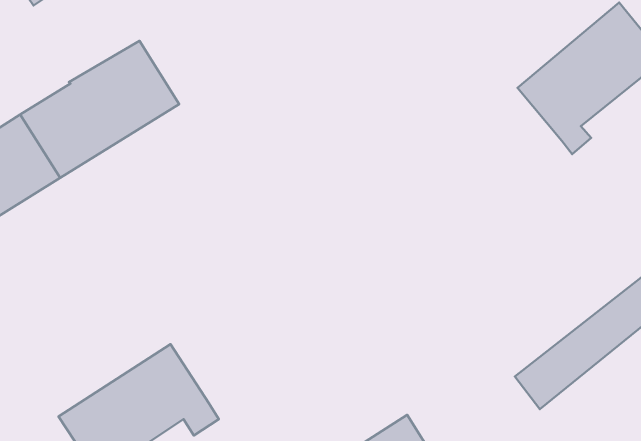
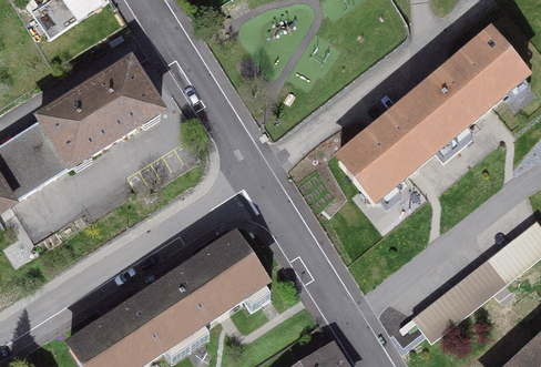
building: none -> [339,95,457,200]
building: none -> [154,233,270,345]

